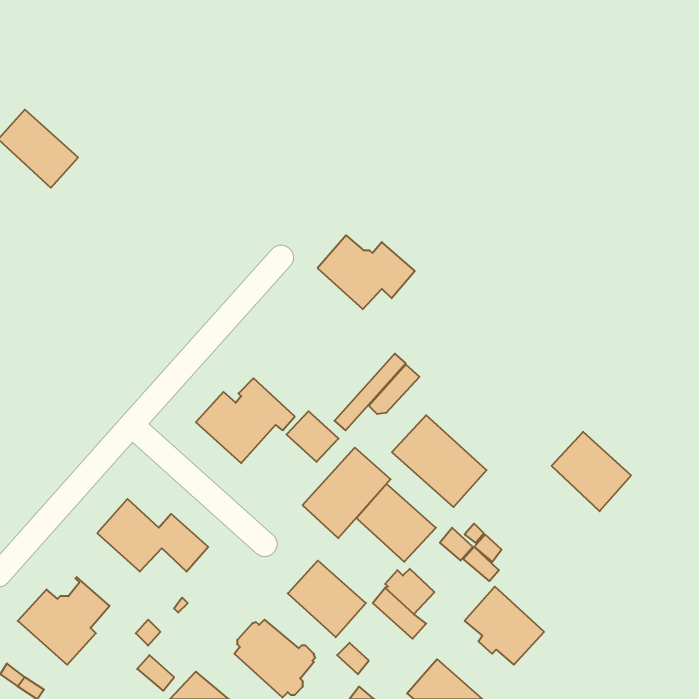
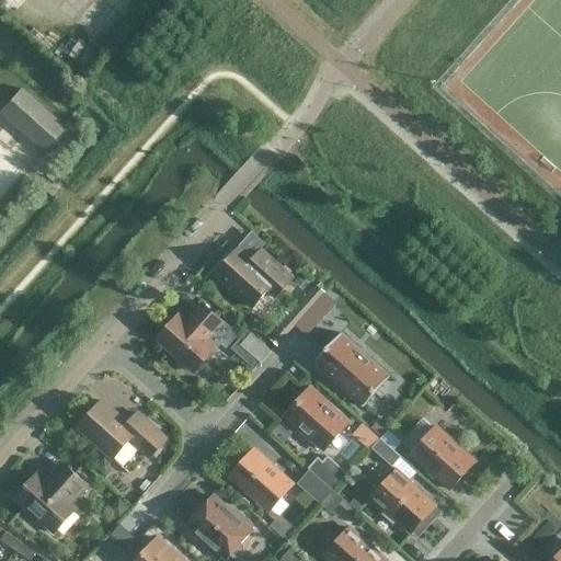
building: [318,235,415,309] -> [215,247,293,306]
building: [552,432,631,511] -> [411,425,474,489]
building: [303,448,391,538] -> none

